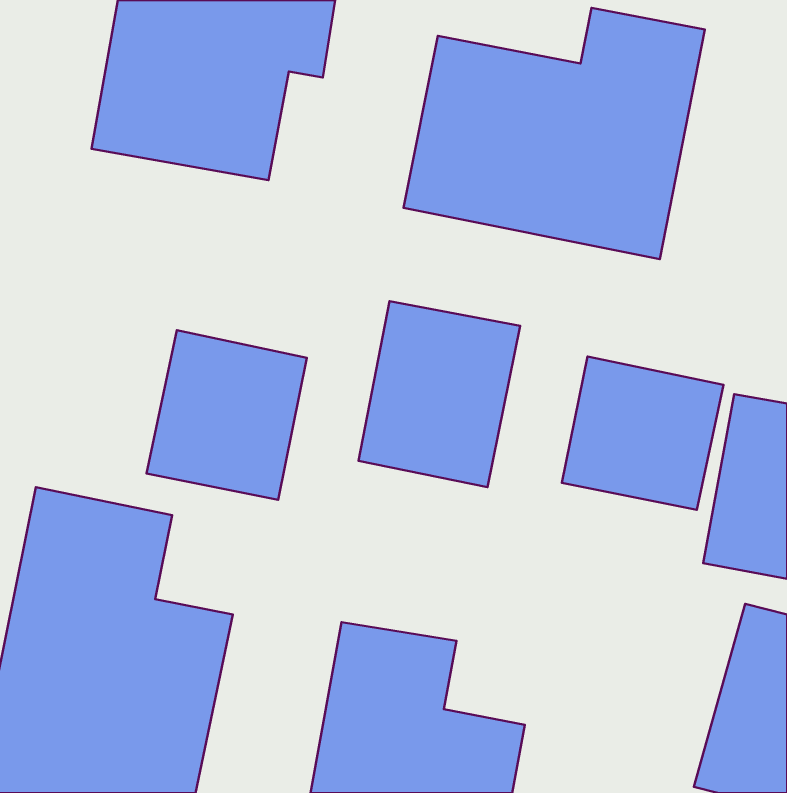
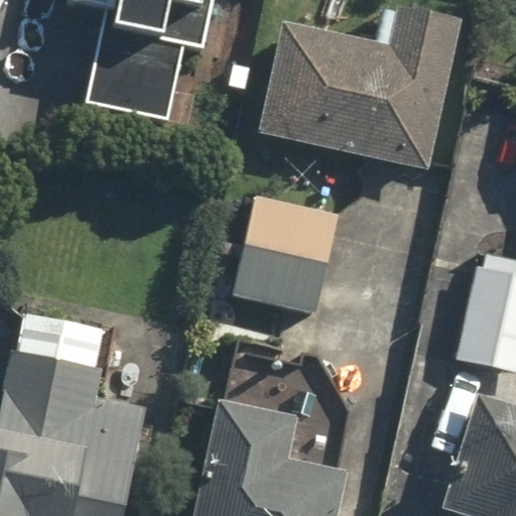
building: [147,330,307,500] -> none
building: [562,356,723,510] -> none

